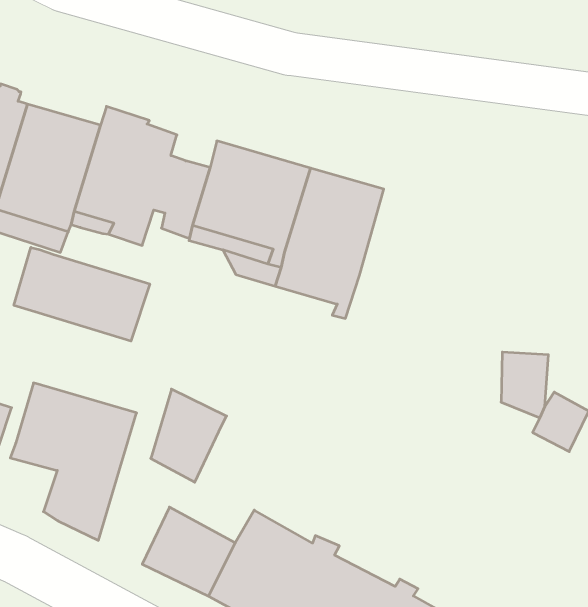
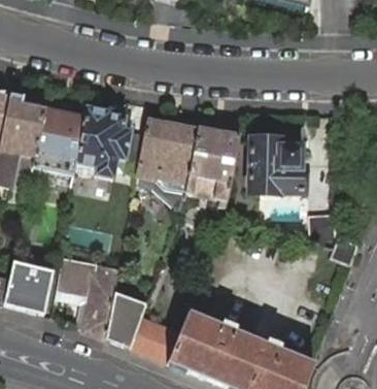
building: none -> [249,136,305,191]
building: [14,247,150,341] -> none
building: [151,389,227,482] -> [106,298,144,347]

